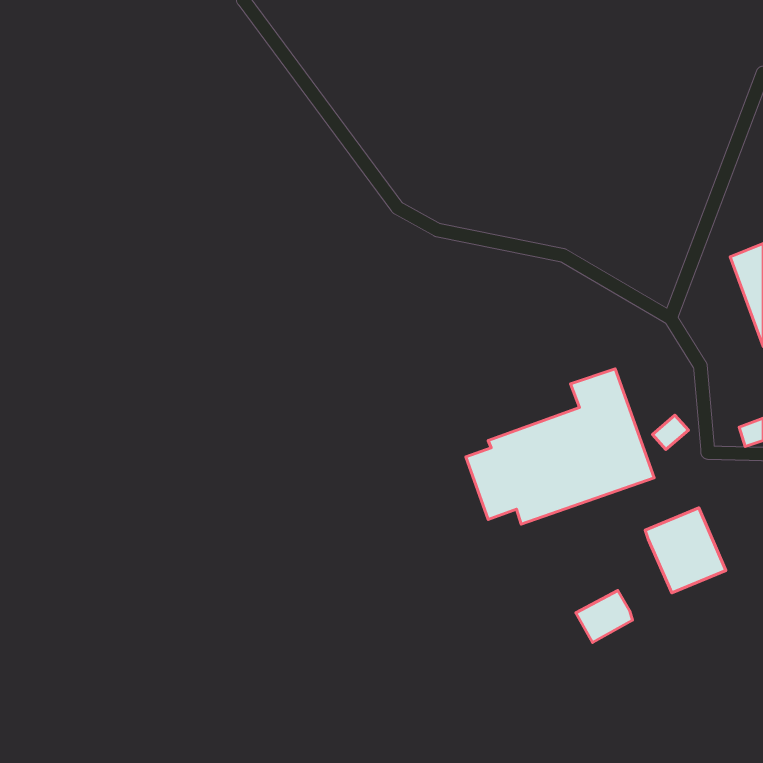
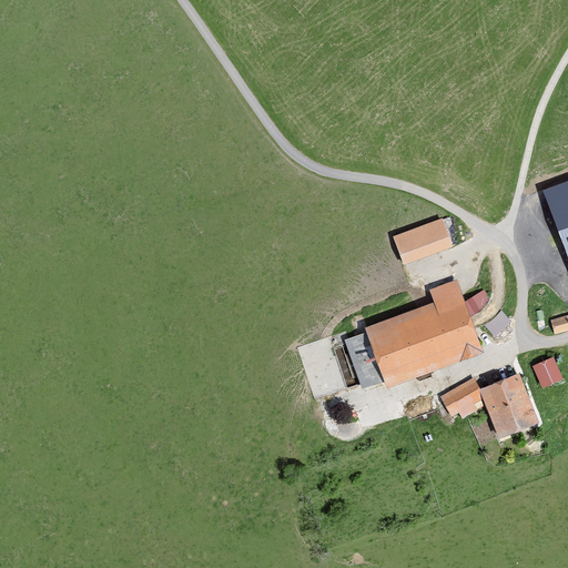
building: none -> [393,217,453,263]
building: none -> [532,357,561,388]
building: [576,590,633,643] -> [439,378,481,417]

